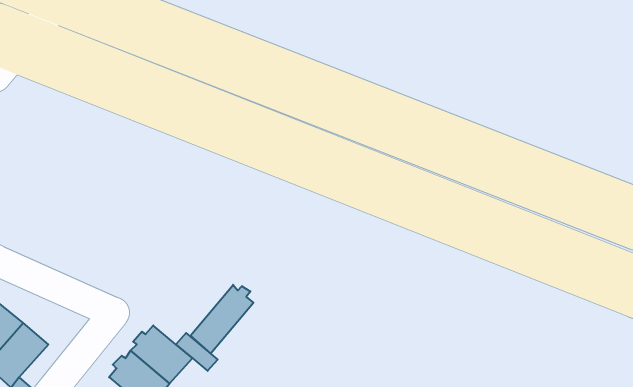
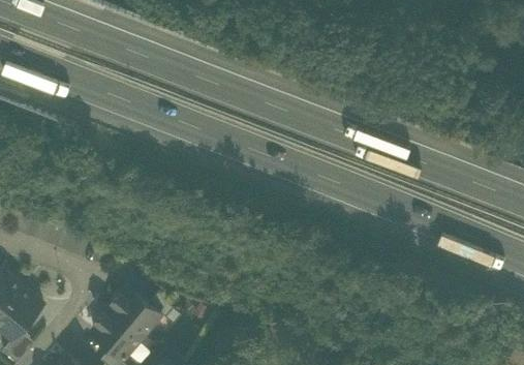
building: [190,285,253,354] -> none

